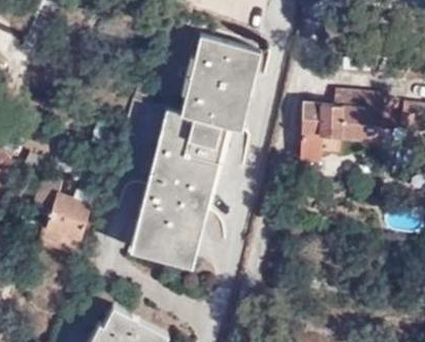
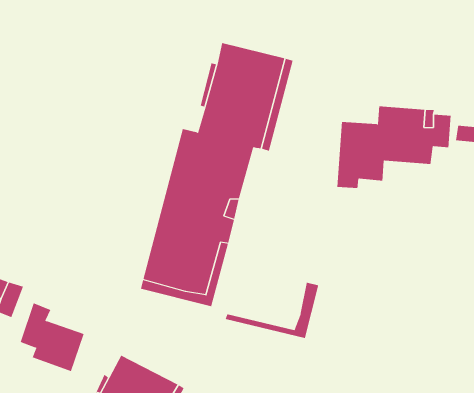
building: [35,179,91,239] -> [20,303,85,372]
building: none -> [225,282,319,339]

